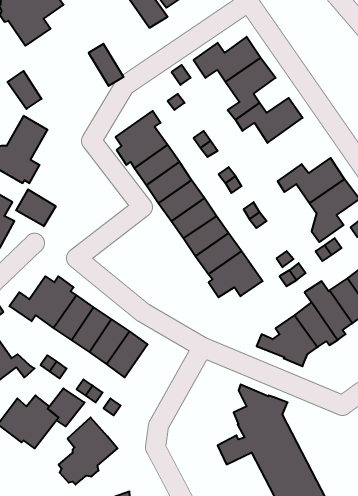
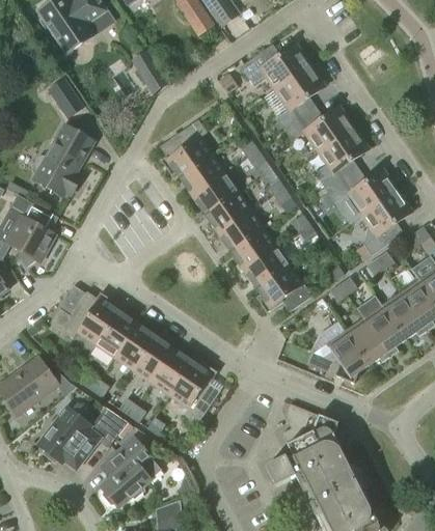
building: none -> [315,127,370,192]
building: [16,189,56,226] -> none
building: none -> [169,360,220,423]

